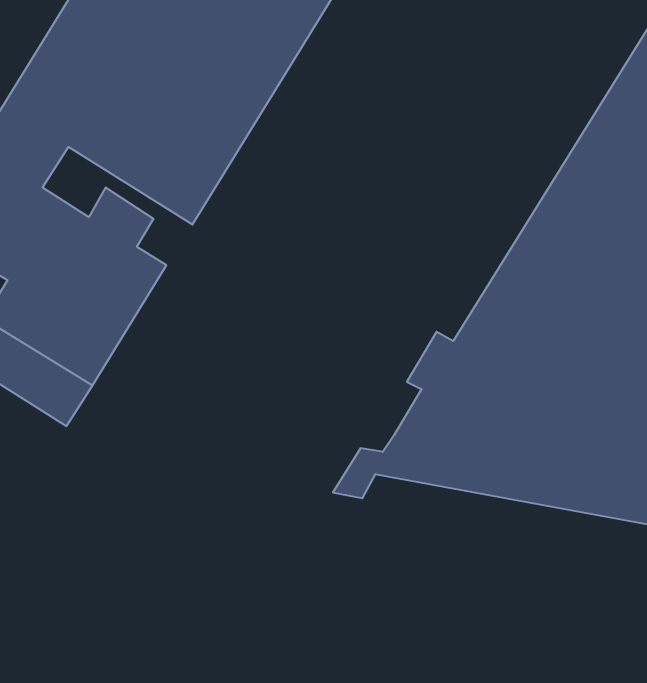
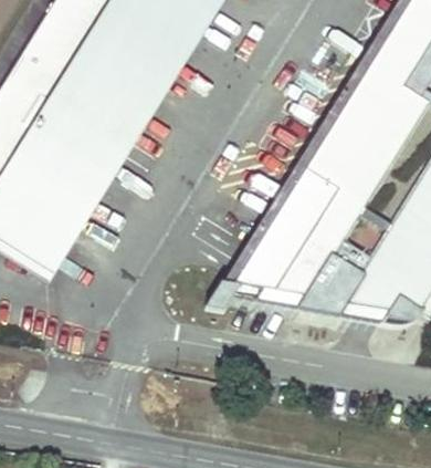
building: none -> [32,102,122,173]

